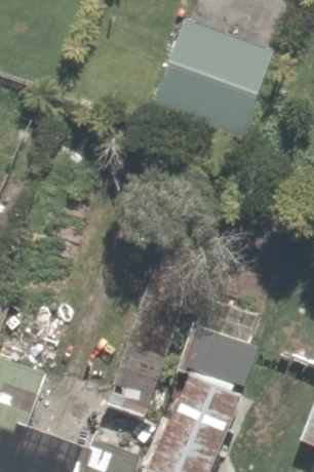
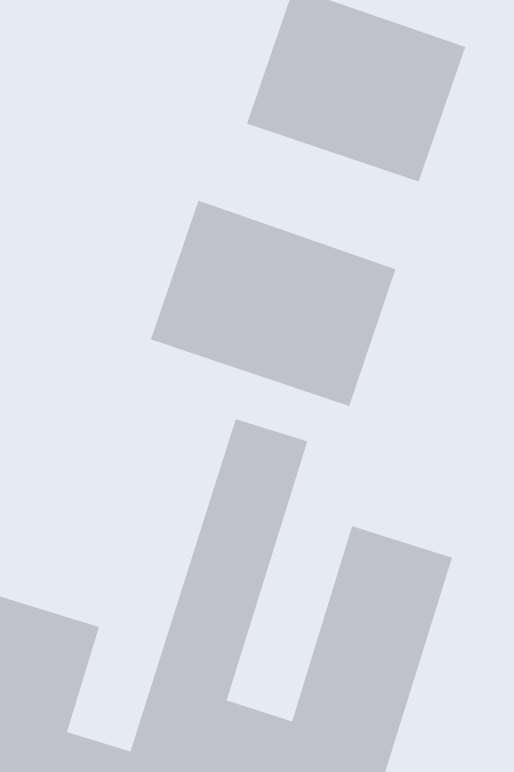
building: none -> [150,200,396,407]

